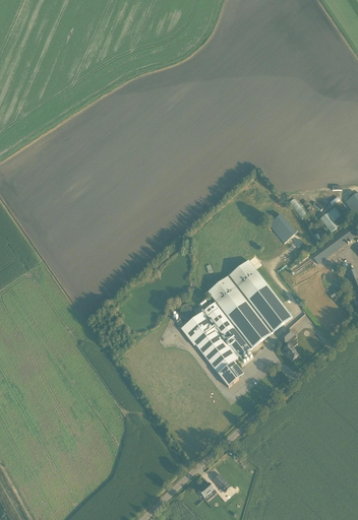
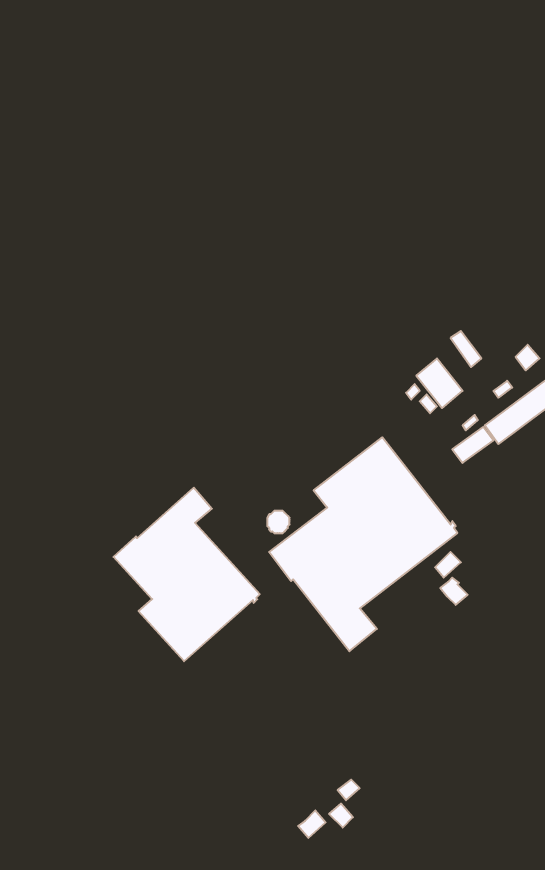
building: none -> [113,488,260,661]

